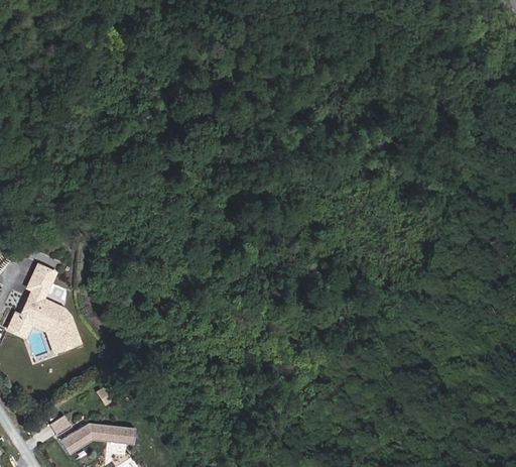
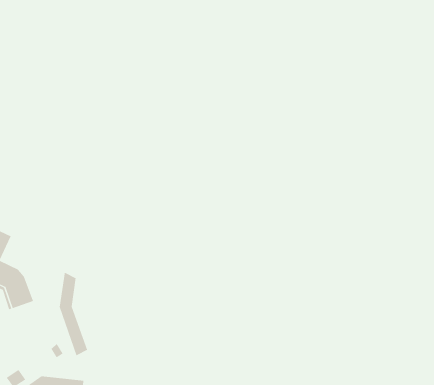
building: none -> [59,272,88,356]

